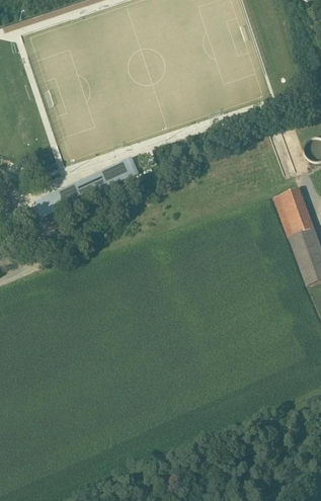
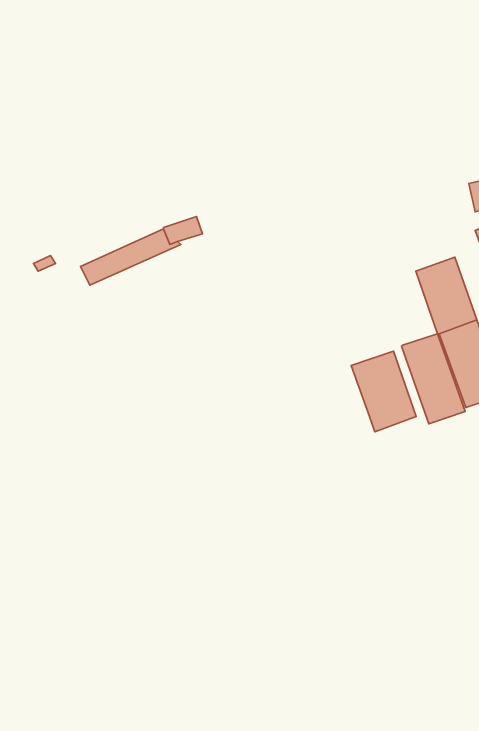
building: none -> [401,334,465,424]
building: none -> [351,351,416,432]

